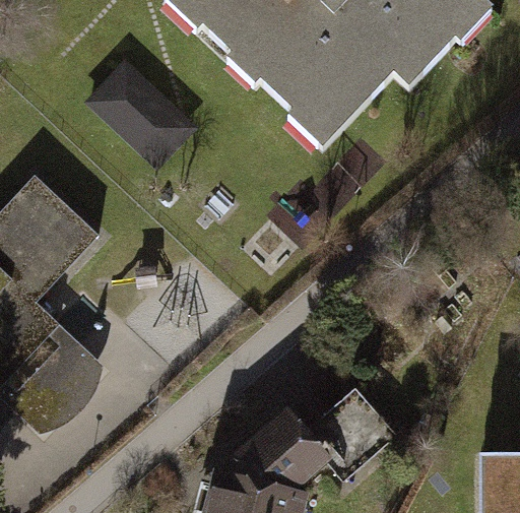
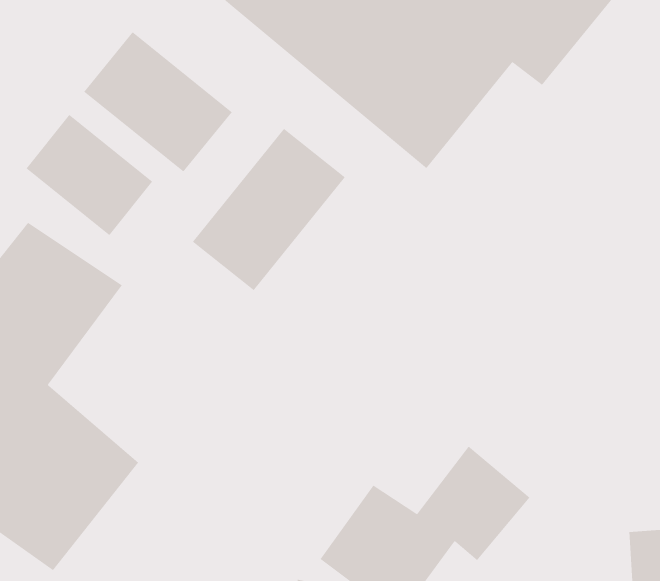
building: none -> [25,114,153,236]
building: none -> [192,128,346,291]

